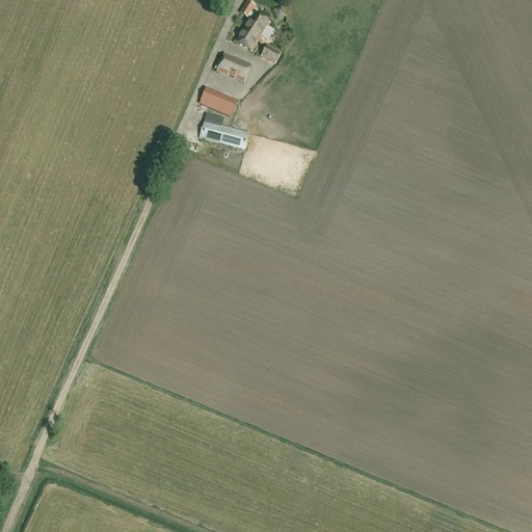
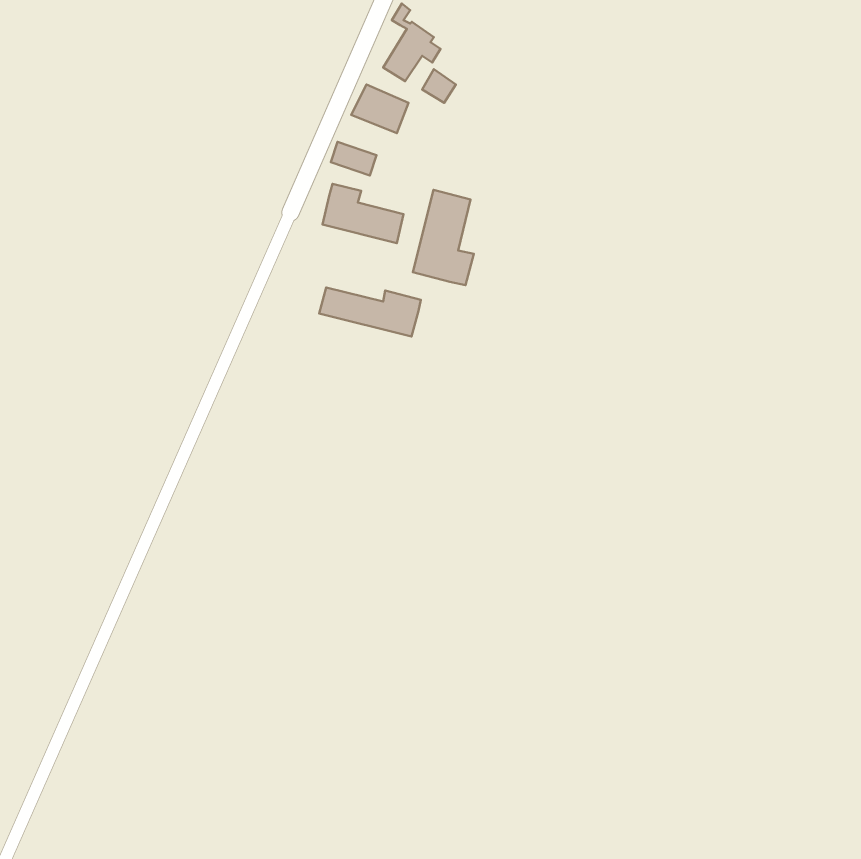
building: none -> [413,190,474,285]
building: none -> [319,288,421,337]

